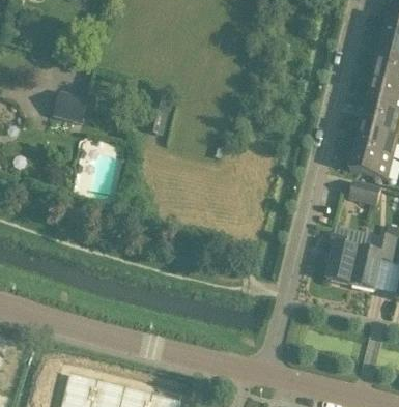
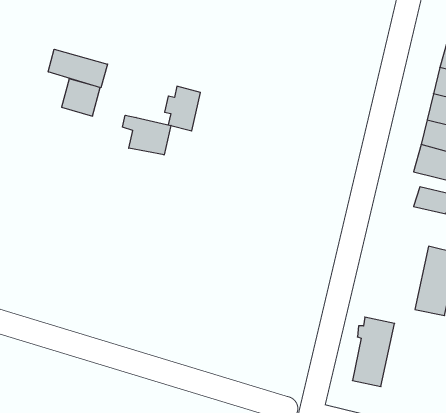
building: none -> [48,49,108,88]
building: none -> [123,115,171,155]
building: [326,226,362,284] -> [352,317,395,387]

